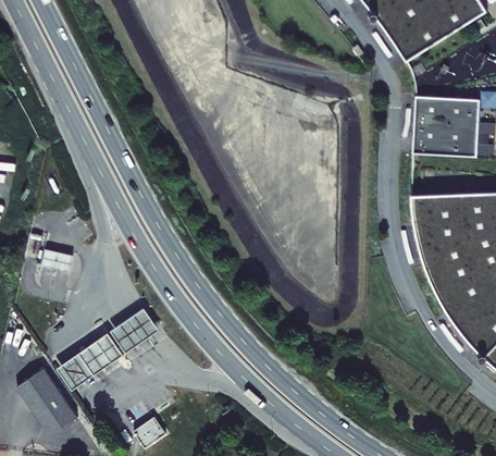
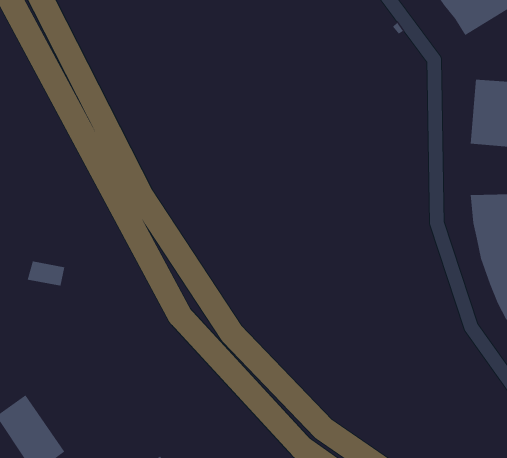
building: [51,310,153,393] -> none

